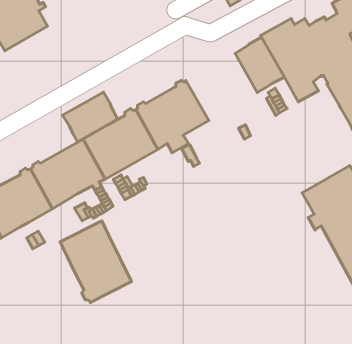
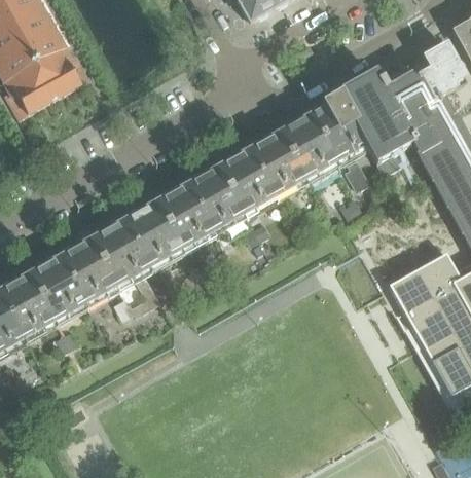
building: none -> [247,112,333,195]
building: [62,92,118,142] -> none
building: [60,221,132,302] -> none

